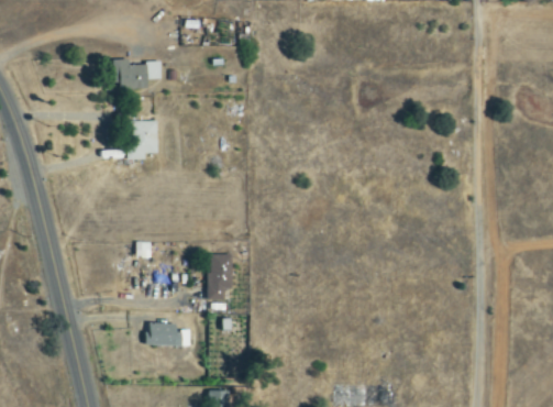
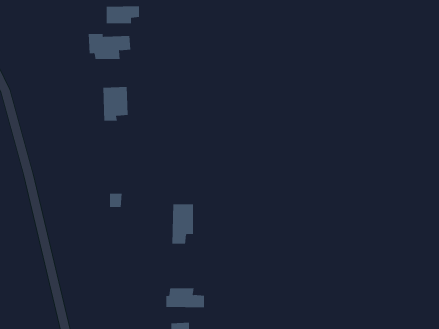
building: none -> [106,5,140,24]
building: [145,323,190,347] -> [166,288,205,308]

